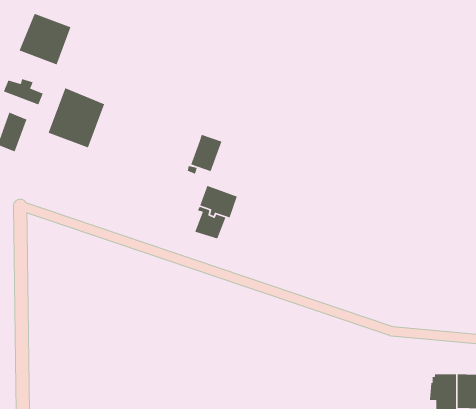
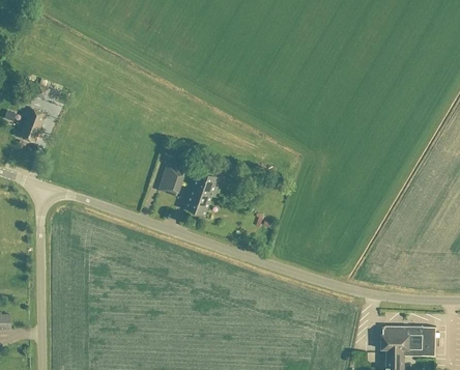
building: [18,13,72,66] -> none
building: [47,87,105,148] -> none
building: [190,134,222,172] -> [157,164,184,196]

